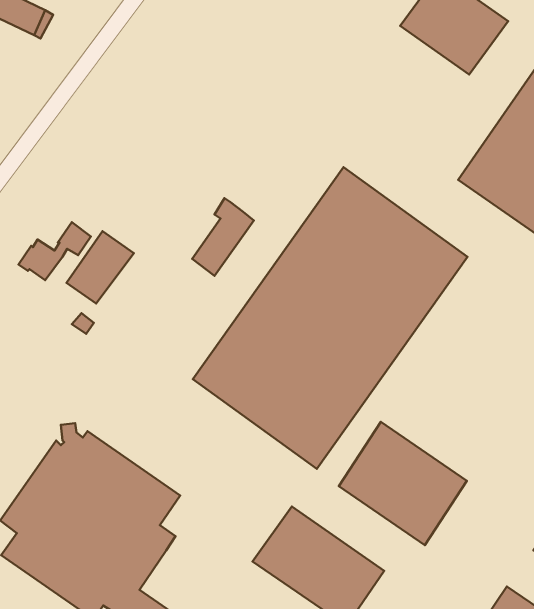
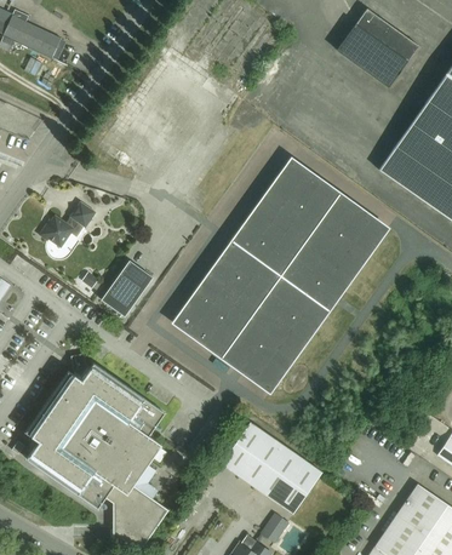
building: [192,198,254,276] -> none
building: [66,231,134,303] -> [101,261,153,316]
building: [339,422,467,545] -> none

